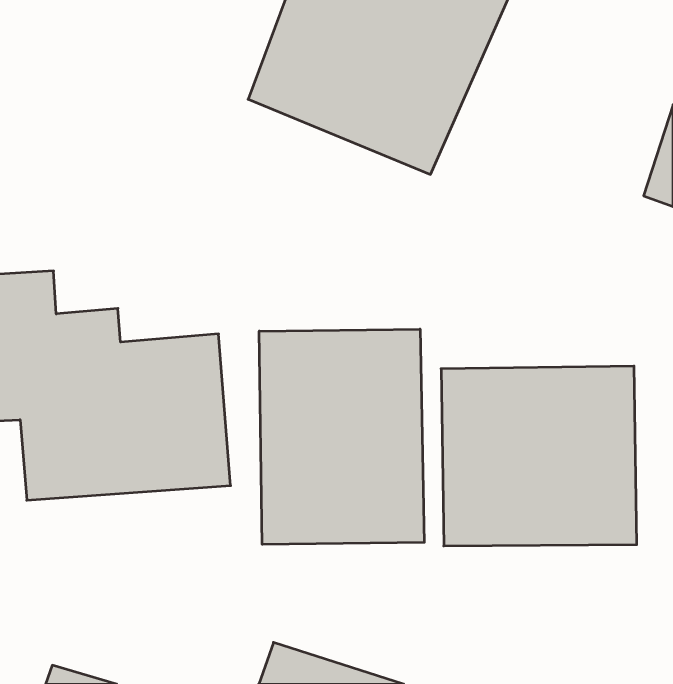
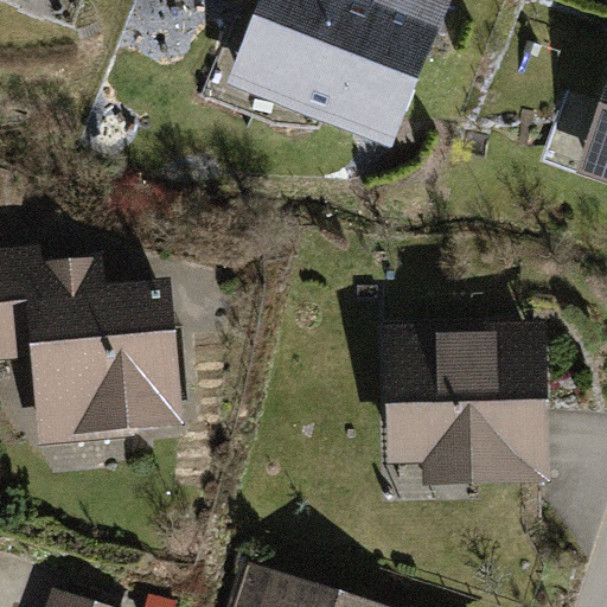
building: [259,329,424,544] -> none

